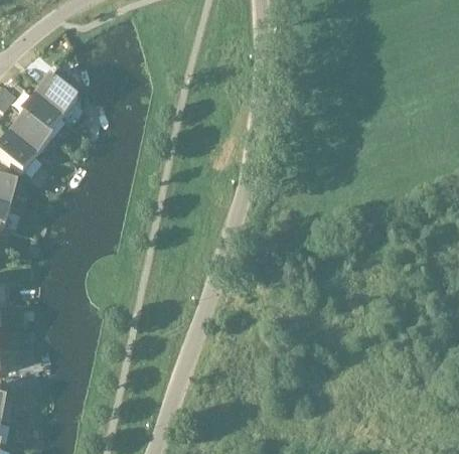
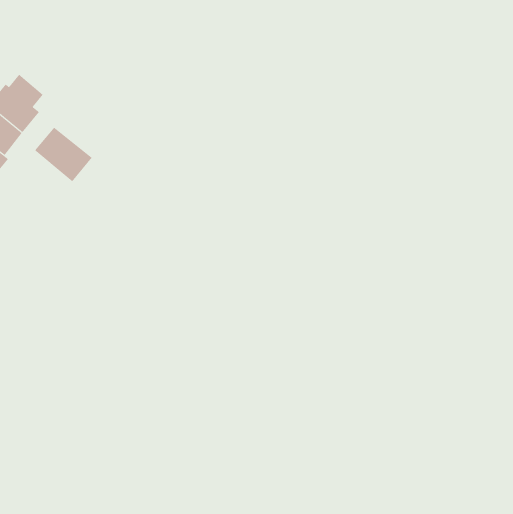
building: none -> [30,127,93,182]

